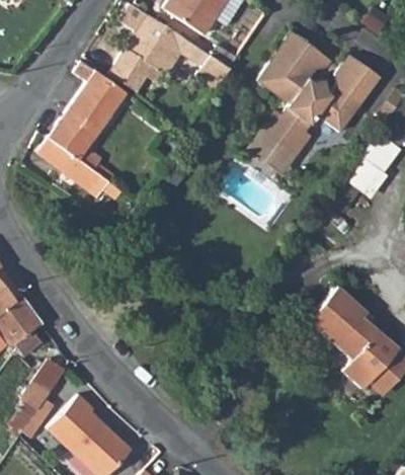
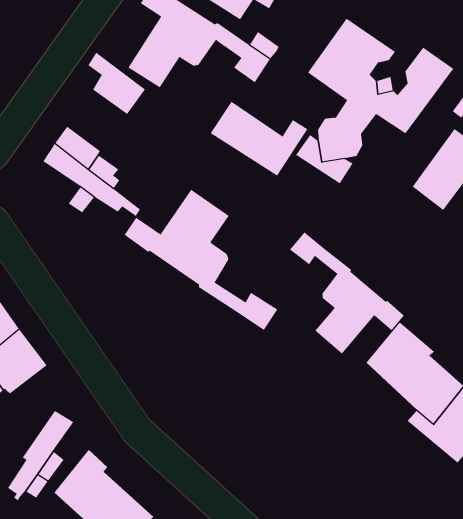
building: [59,93,109,145] -> none
building: none -> [210,101,308,177]
building: none -> [124,189,278,331]
building: none -> [289,232,405,354]

